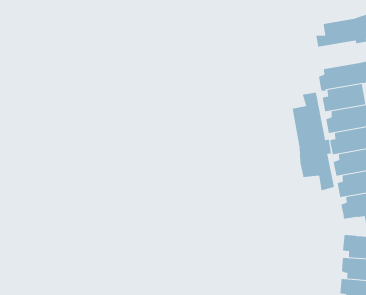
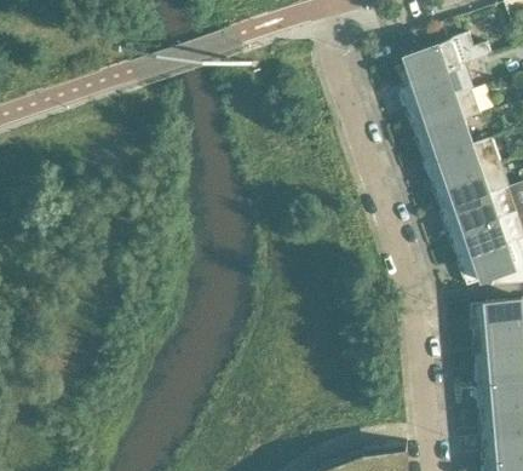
building: none -> [402,73,456,114]
building: [290,92,335,191] -> none

